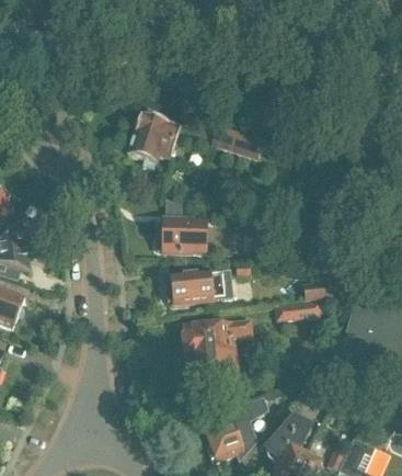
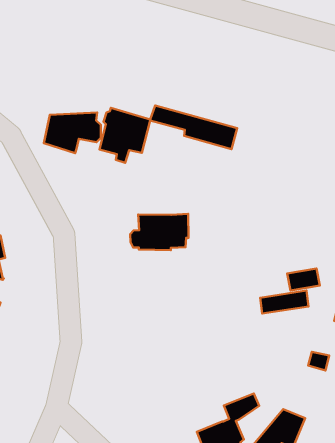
building: none -> [44,112,101,153]
building: [165,269,232,304] -> none
building: [182,316,252,372] -> none

